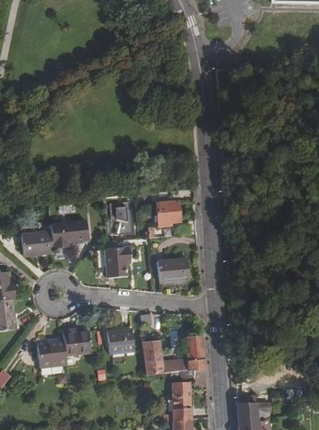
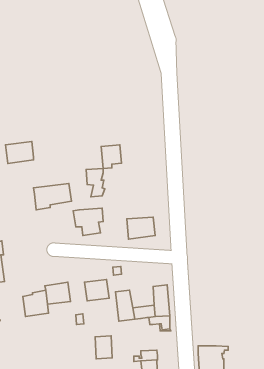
building: [155,200,178,227] -> [101,145,122,169]
building: [21,230,53,255] -> [5,141,34,163]
building: [171,382,190,408] -> [95,336,112,359]

